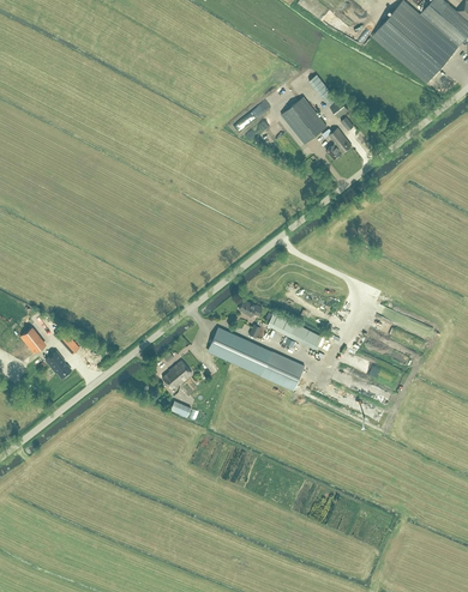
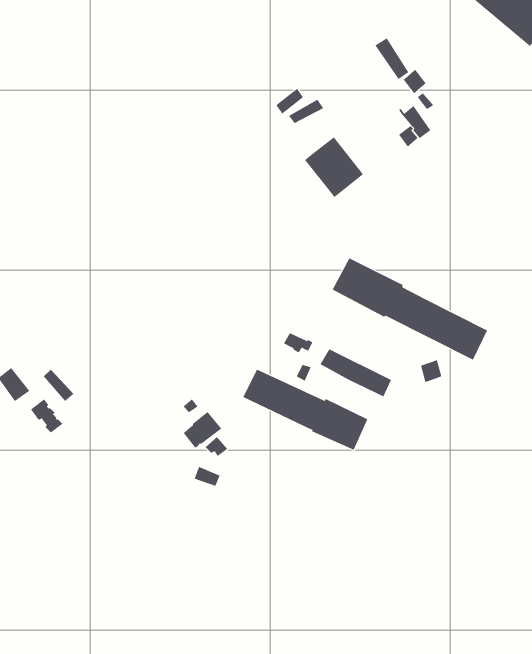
building: [281,96,326,143] -> [304,137,364,198]
building: none -> [332,258,488,361]

